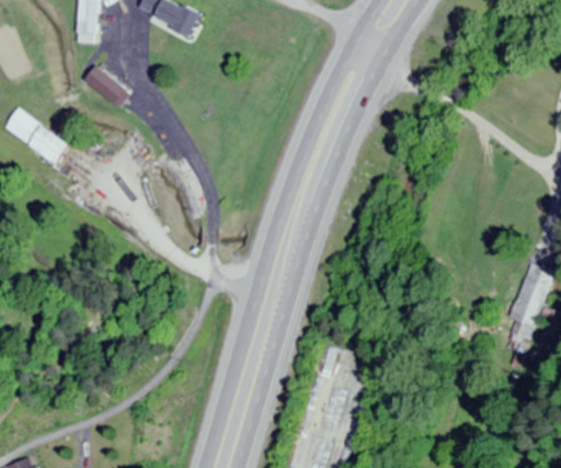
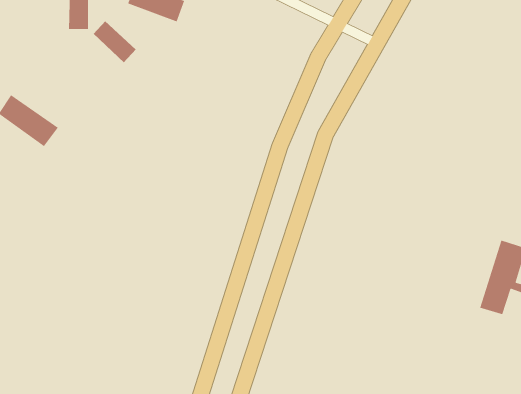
building: [83,65,129,110] -> [93,20,136,63]

